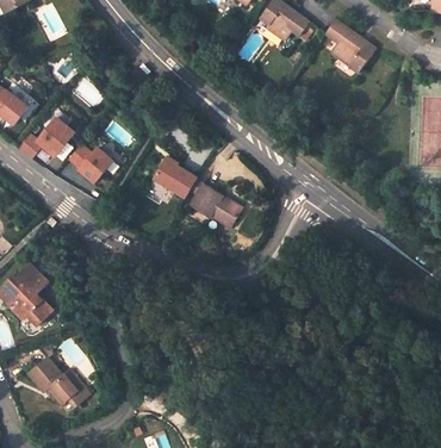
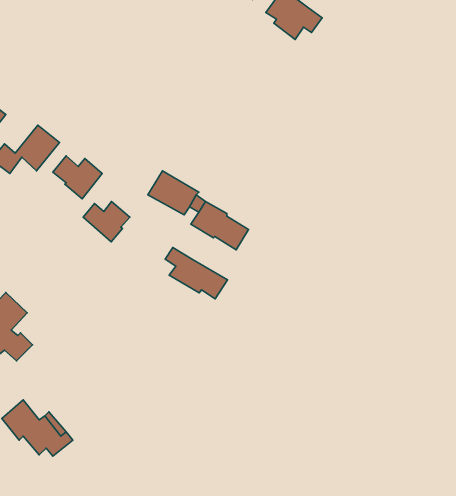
building: [325,18,375,71] -> none
building: none -> [83,202,130,242]
building: none -> [165,248,227,299]

